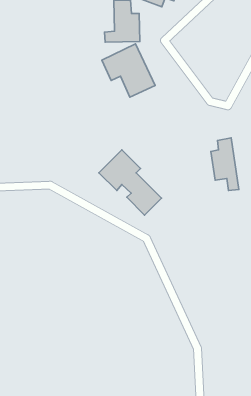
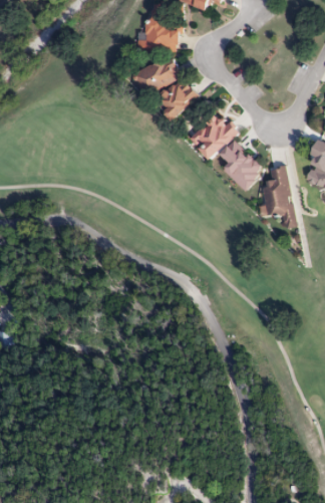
building: [99,150,161,215] -> [189,111,263,189]

